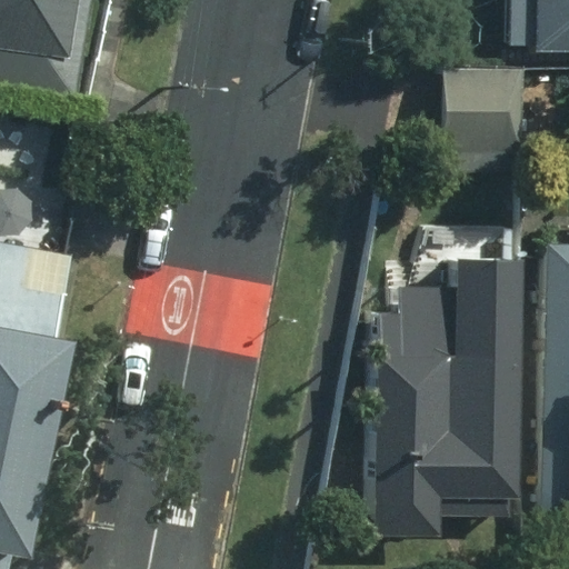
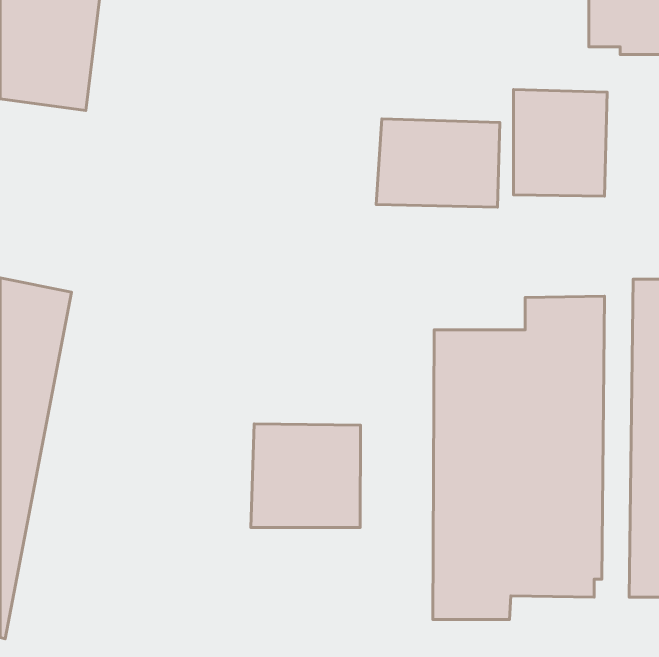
building: none -> [376,119,500,207]
building: none -> [251,424,361,528]

